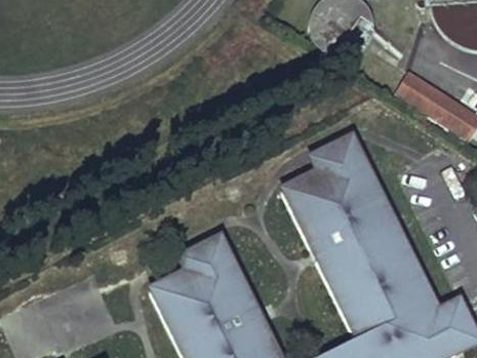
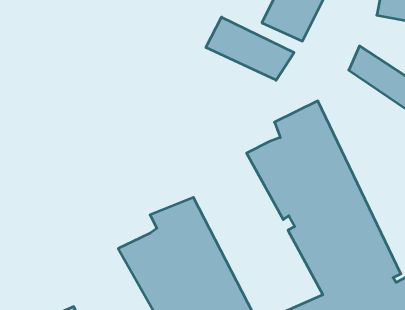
building: none -> [206,17,294,80]

